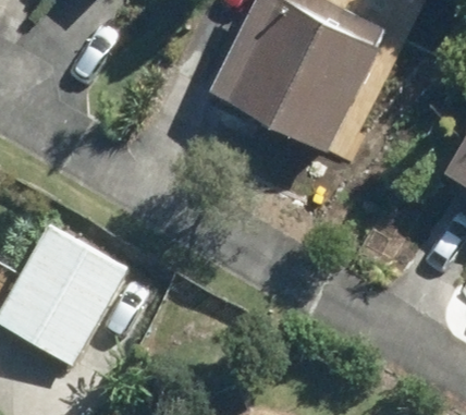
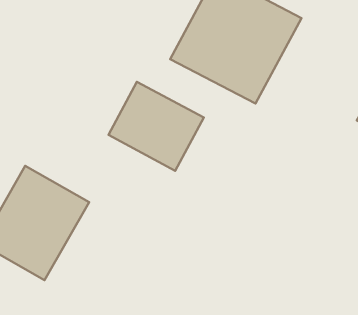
building: none -> [108,82,204,171]

